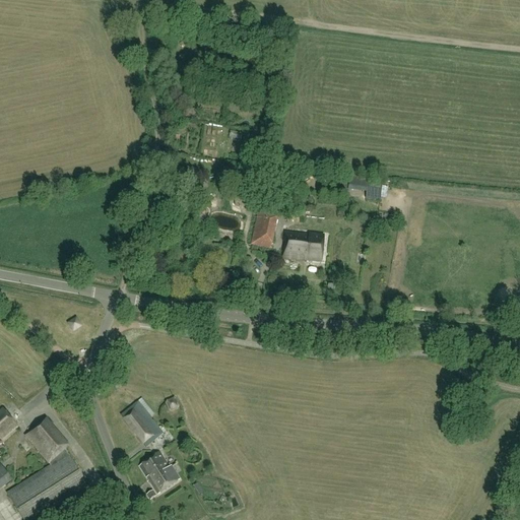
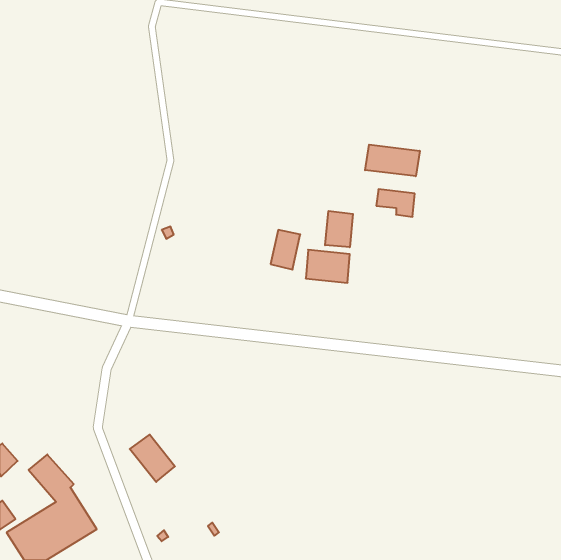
building: none -> [365,145,420,176]
building: none -> [325,211,353,247]
building: [138,452,179,493] -> none

